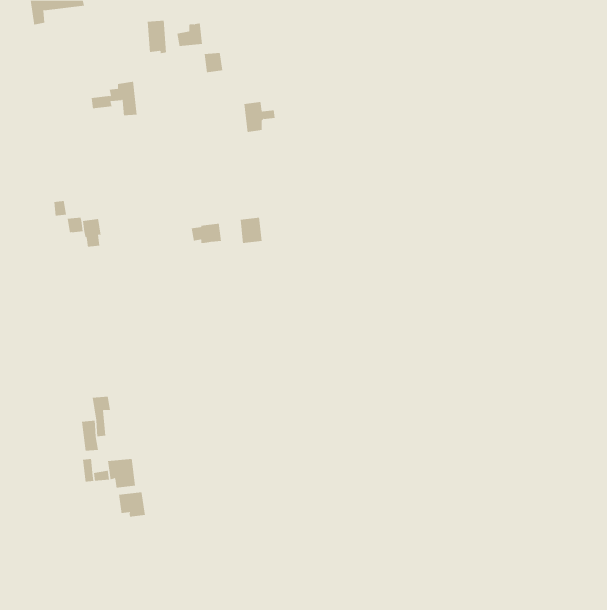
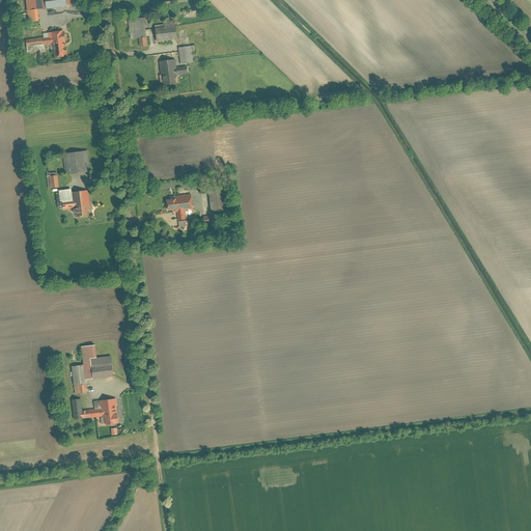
building: [91,81,137,116] -> [25,27,65,57]
building: [243,101,276,133] -> [159,59,187,86]
building: none -> [62,149,89,174]
building: none -> [90,355,112,379]
building: [119,491,146,518] -> none

